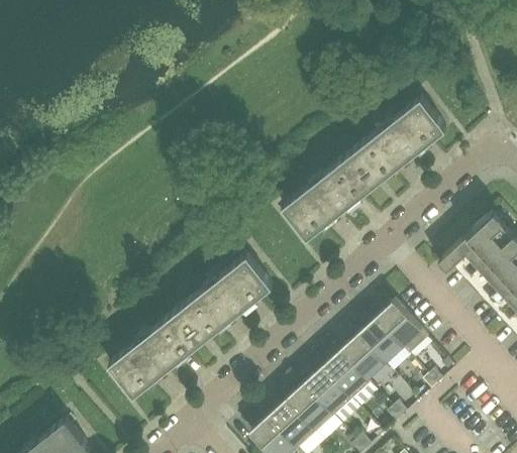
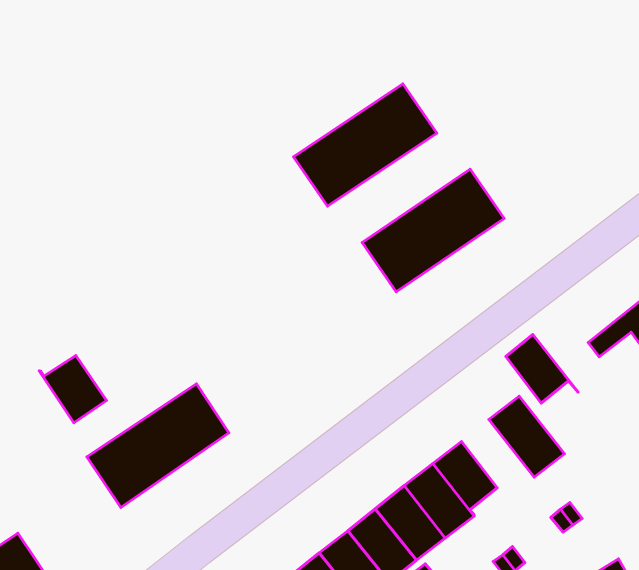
building: [350,99,445,185] -> [293,84,437,206]
building: [178,255,272,342] -> none
building: none -> [39,355,107,423]
building: [358,320,409,365] -> [506,335,578,403]

